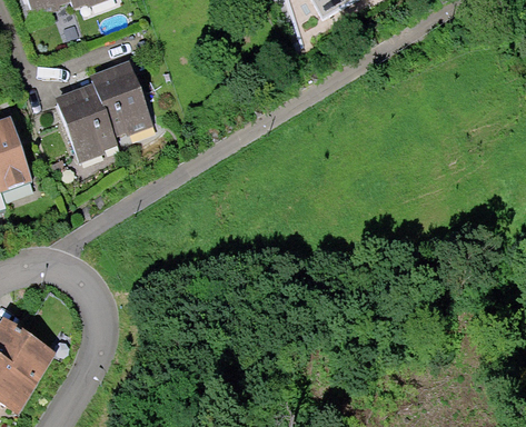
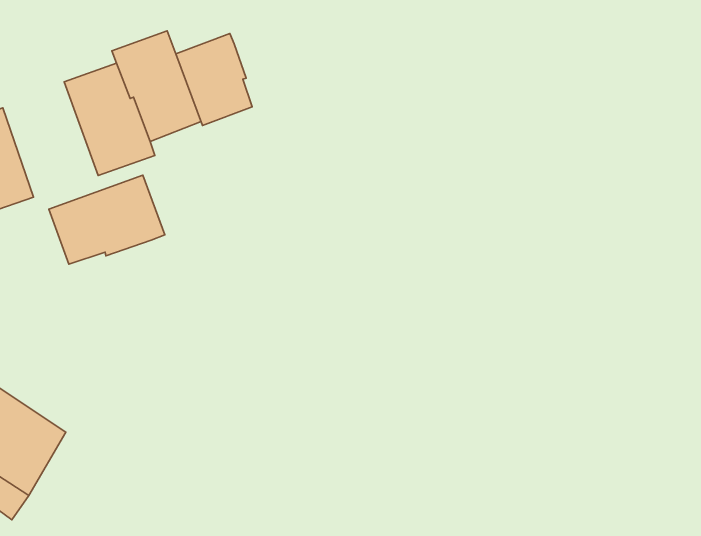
building: none -> [176,33,252,126]
building: none -> [49,175,165,264]

